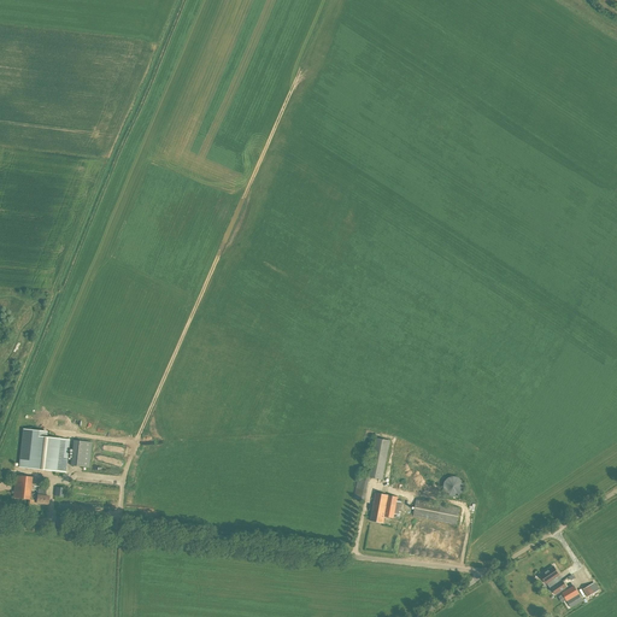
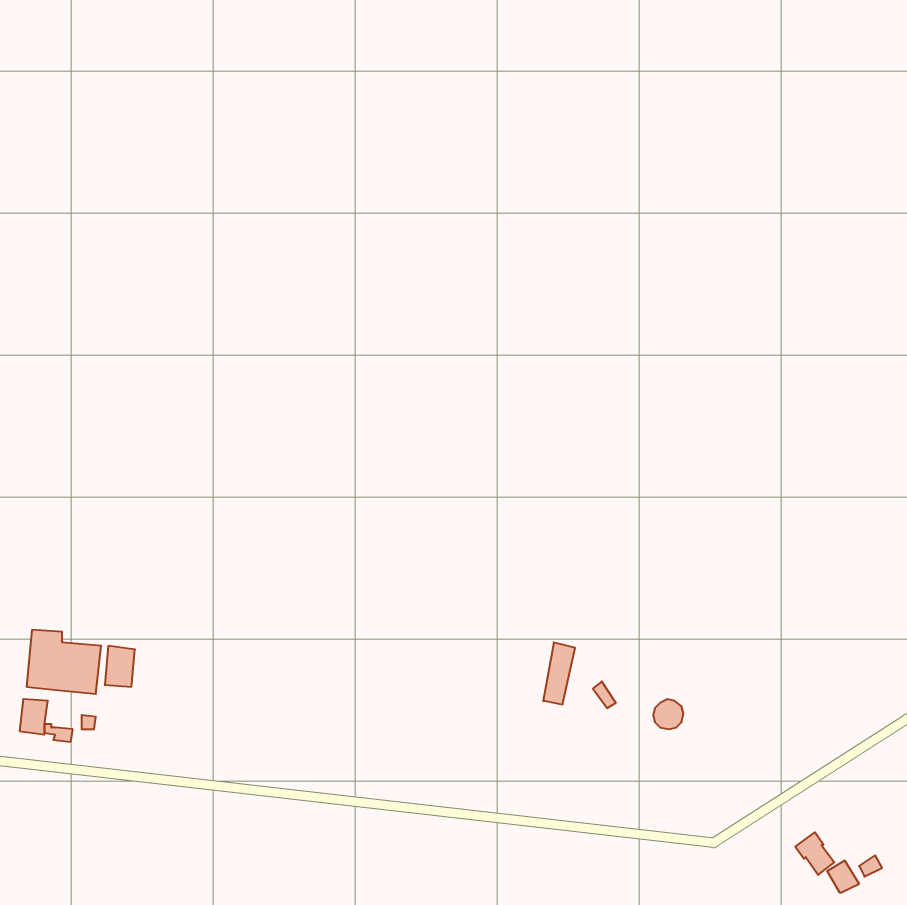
building: [370,492,402,522] -> none
building: [413,498,459,523] -> none

